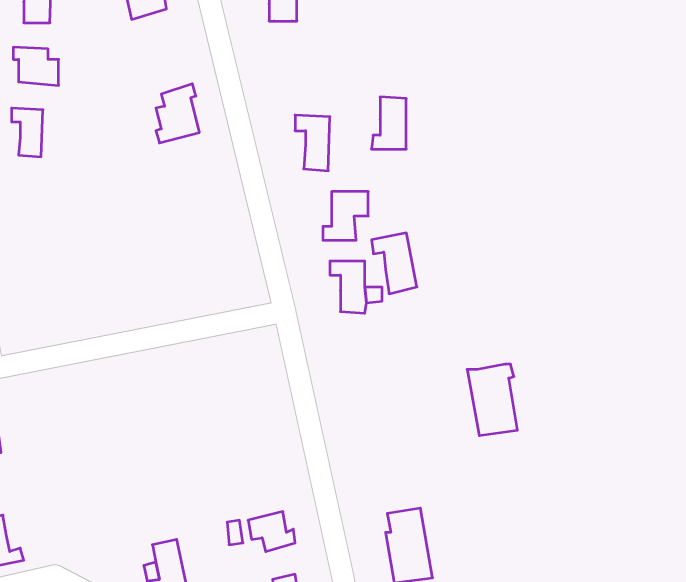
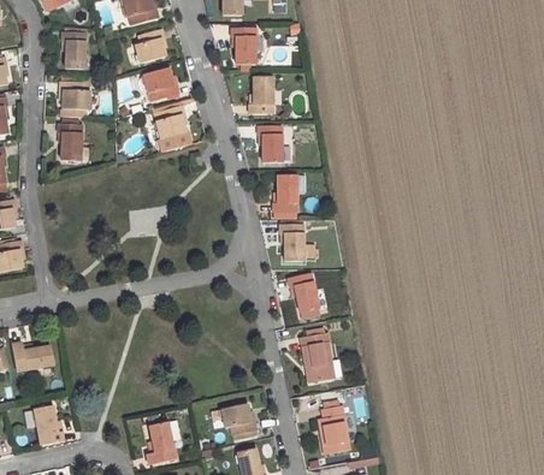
building: none -> [146,70,181,99]
building: [371,97,406,149] -> [248,78,272,114]
building: [372,233,417,294] -> [288,278,319,320]
building: [467,364,517,436] -> [298,329,333,379]

